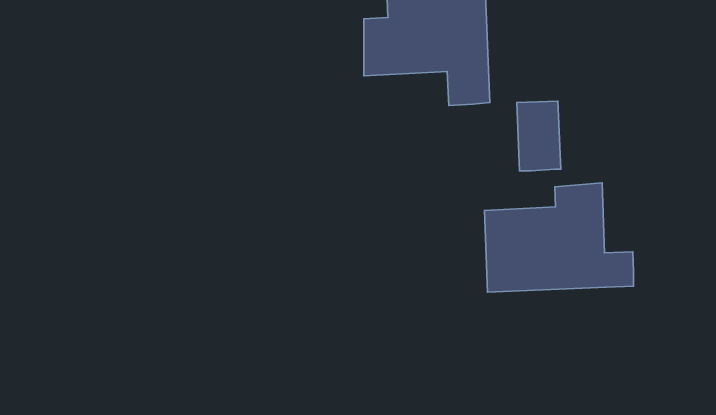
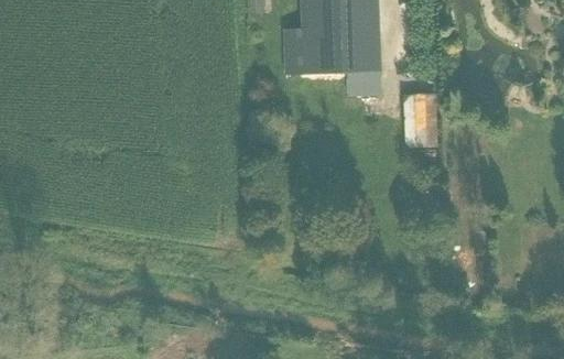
building: [484,183,633,292] -> none

